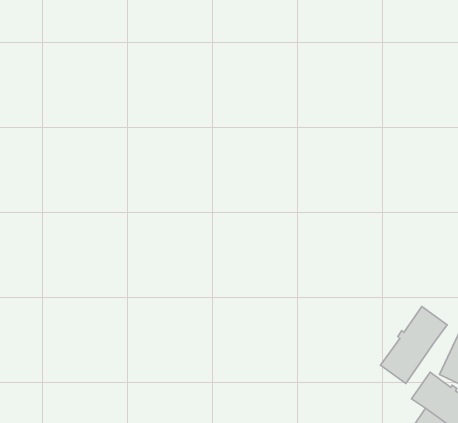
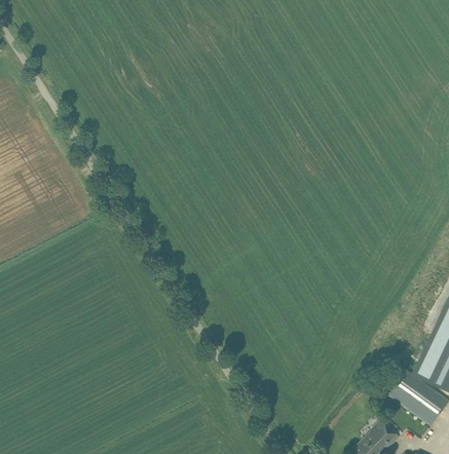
building: [380,306,447,383] -> none

